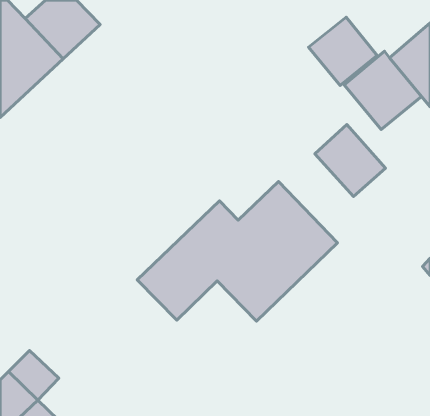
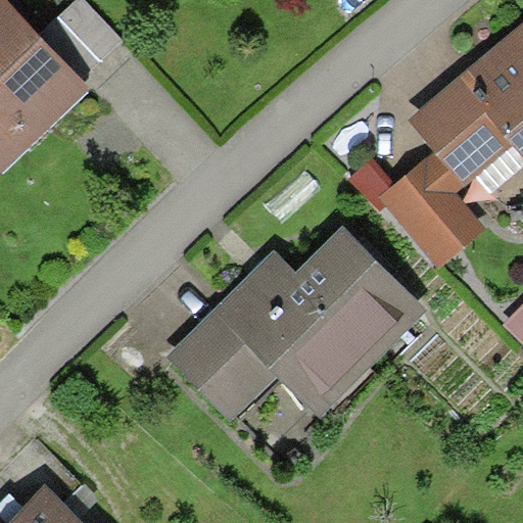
building: [308,17,377,85] -> none

